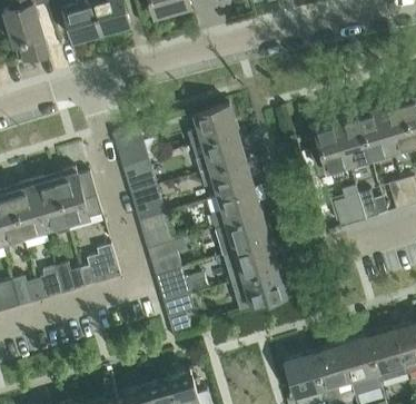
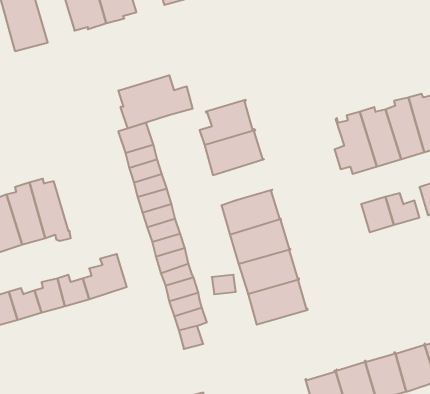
building: none -> [118,75,193,128]
building: [199,160,254,198] -> none
building: [53,169,102,226] -> none

